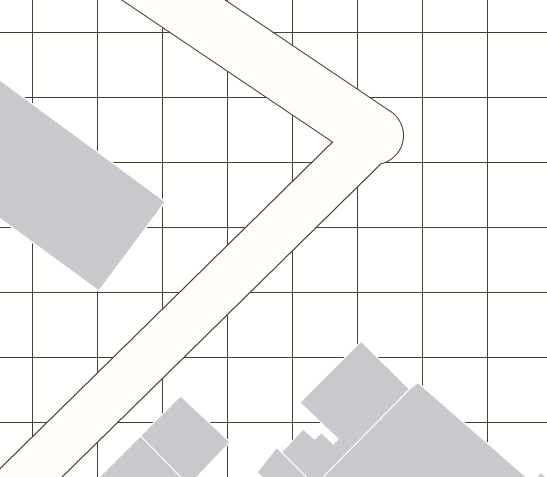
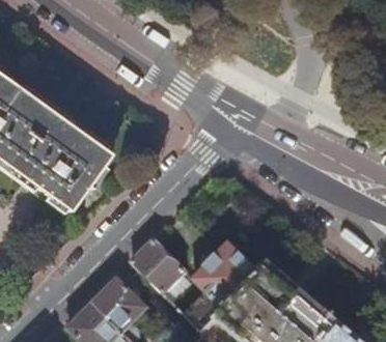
building: none -> [133,237,188,296]

